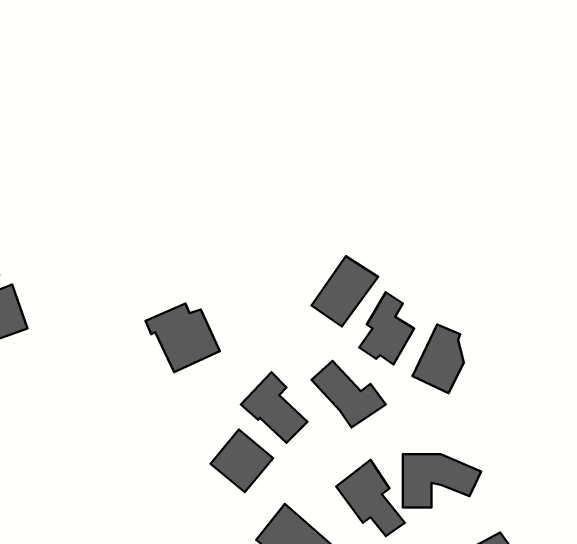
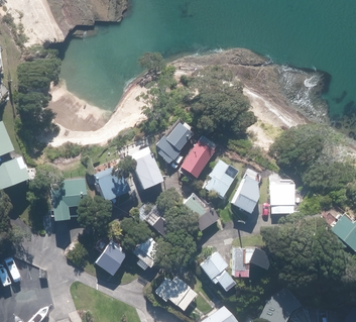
building: none -> [158,121,196,164]
building: none -> [132,146,166,188]
building: none -> [54,178,89,220]
building: none -> [271,184,299,212]
building: none -> [93,240,124,272]

